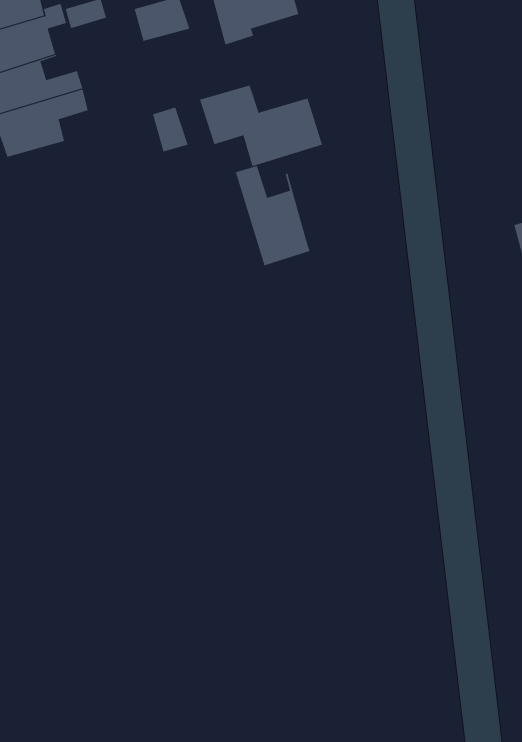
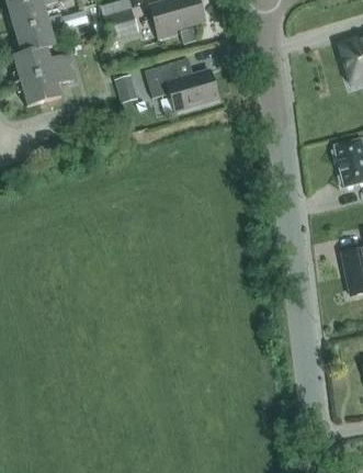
building: [235,165,310,266] -> none

